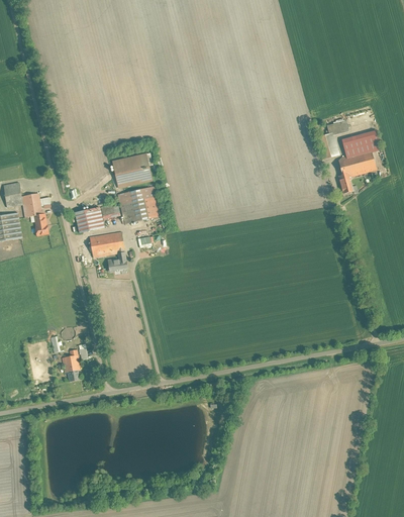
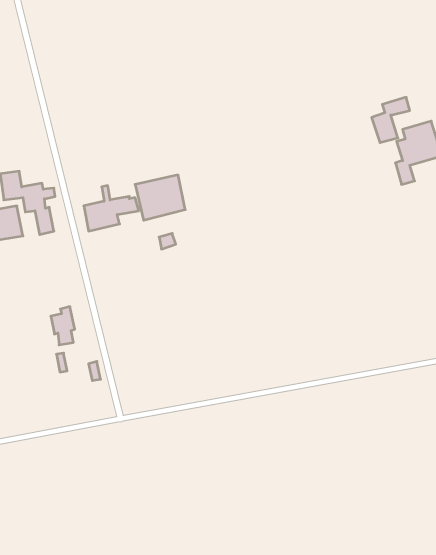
building: [111,151,152,188] -> none
building: [89,230,127,271] -> none
building: [61,348,81,381] -> [51,307,75,345]

